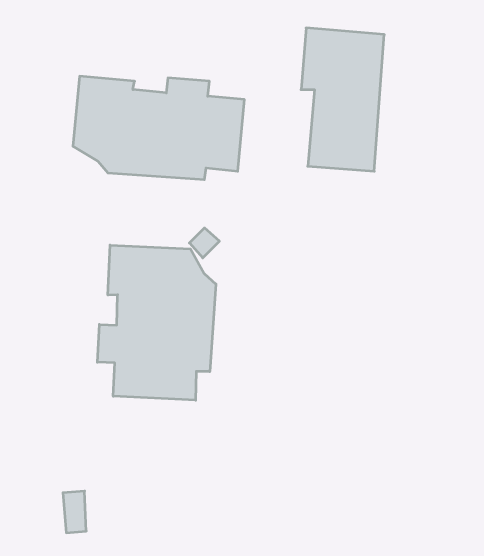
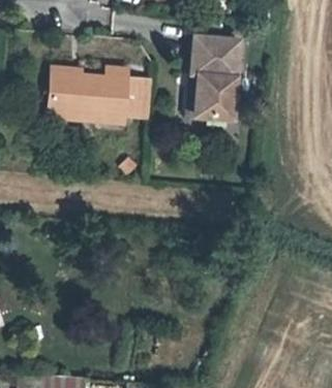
building: [97,245,216,400] -> none

